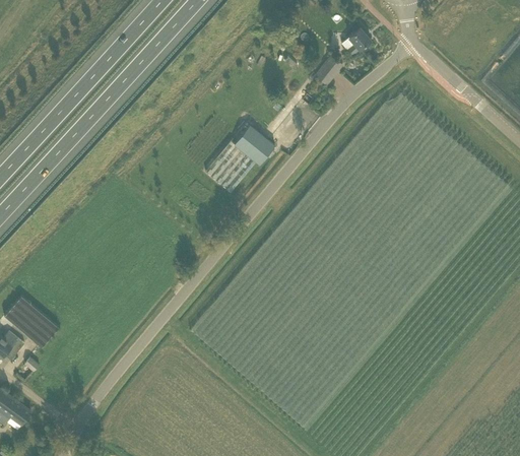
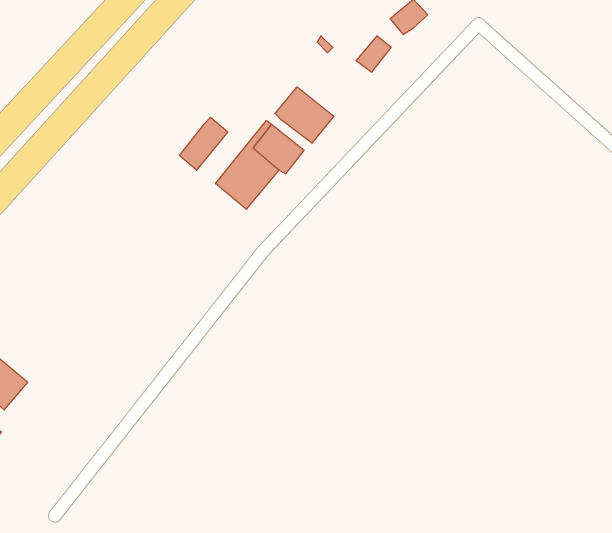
building: none -> [275,87,334,143]
building: none -> [179,117,228,170]

